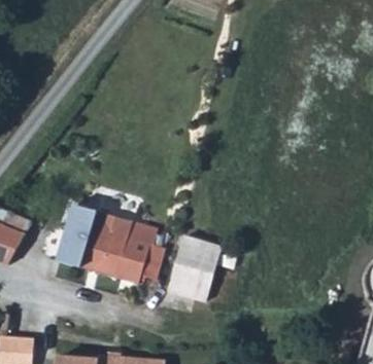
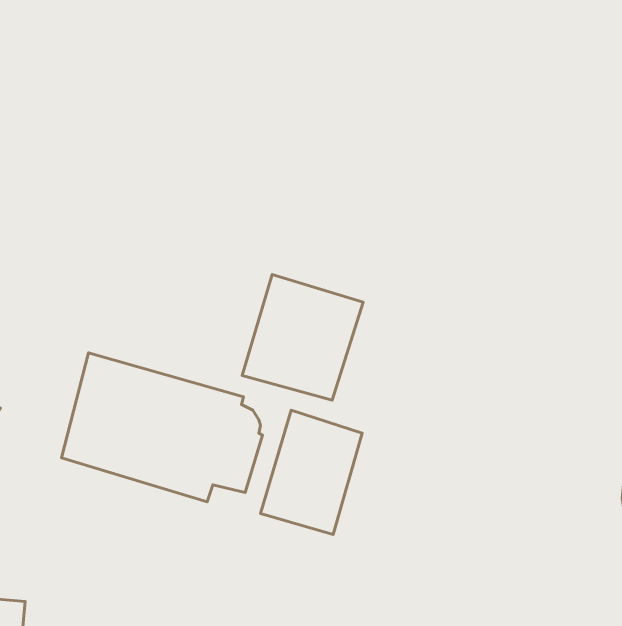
building: none -> [242,275,363,400]

